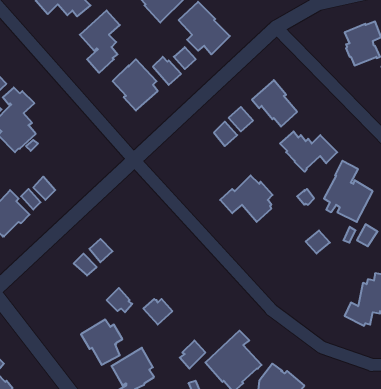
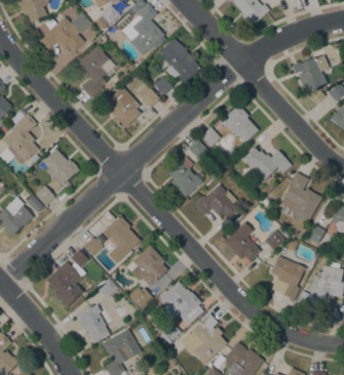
building: none -> [42,149,79,191]
building: none -> [167,156,202,197]
building: none -> [102,215,140,263]
building: none -> [224,221,260,260]
building: none -> [130,244,168,286]
building: none -> [270,255,306,299]
building: none -> [46,260,84,306]
building: none -> [158,281,203,325]

